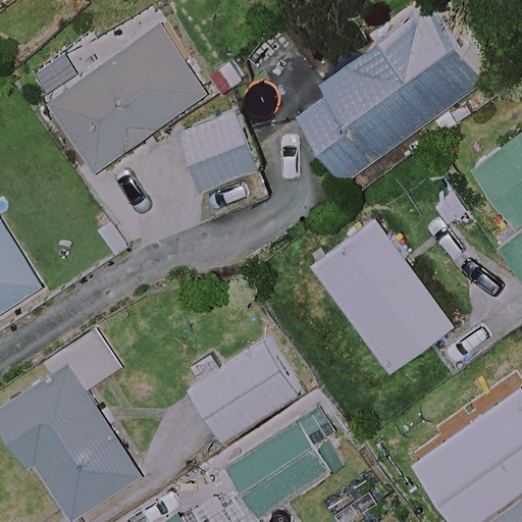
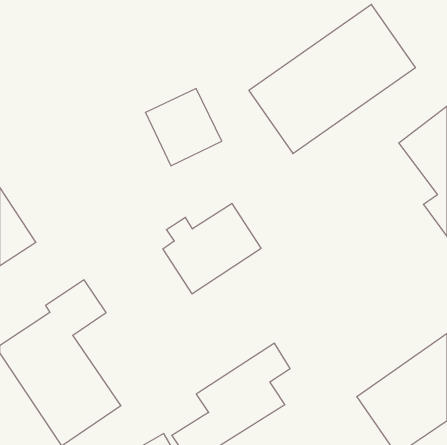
building: [46,27,207,173] -> none
building: [314,219,455,372] -> none
building: [189,340,303,445] -> [163,203,261,294]

